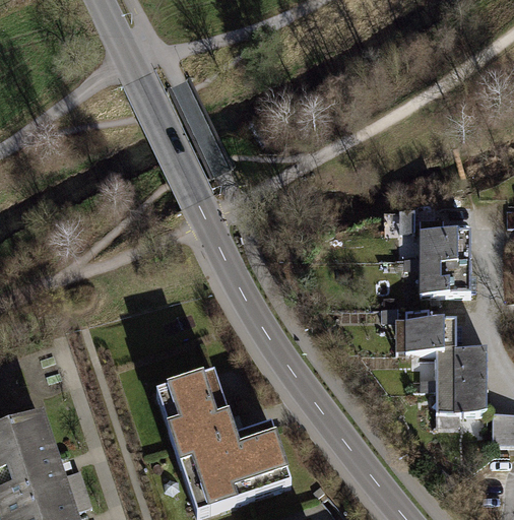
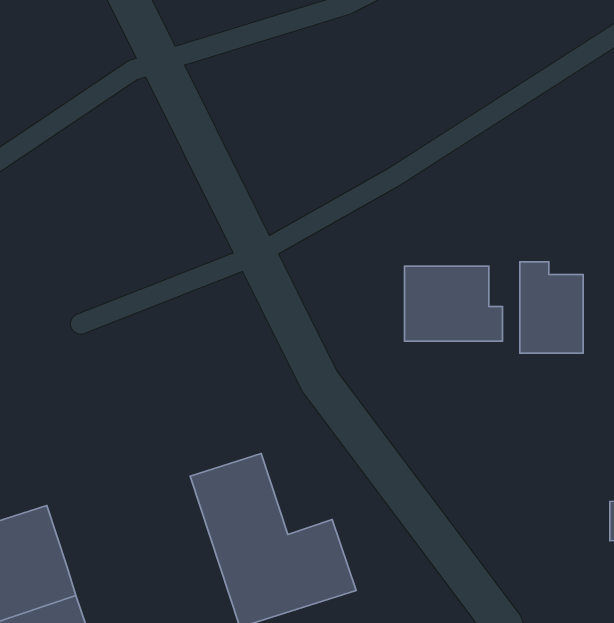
building: none -> [404,266,503,341]
building: [406,309,488,411] -> none

